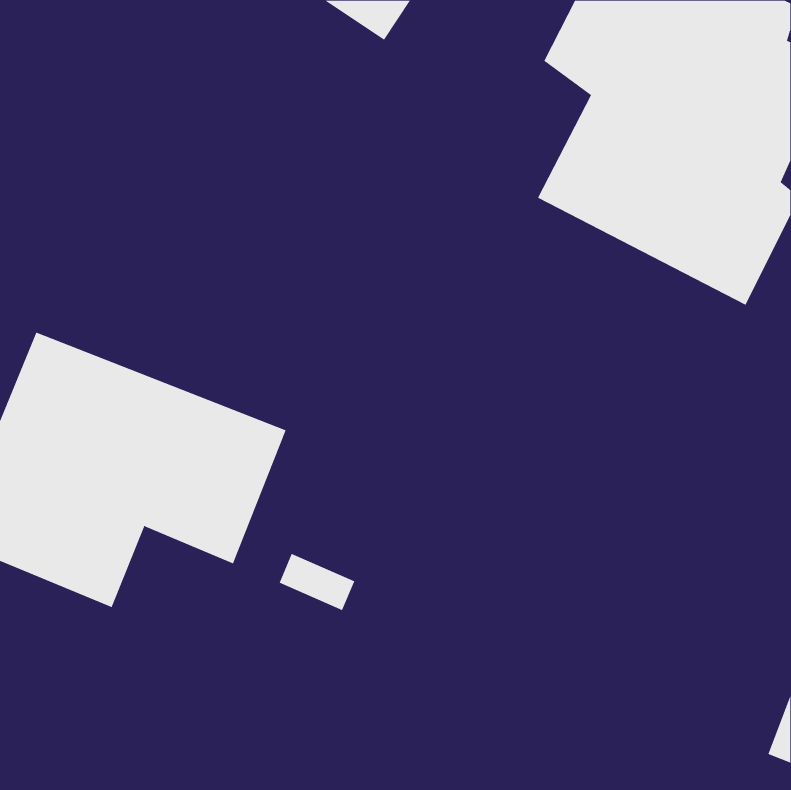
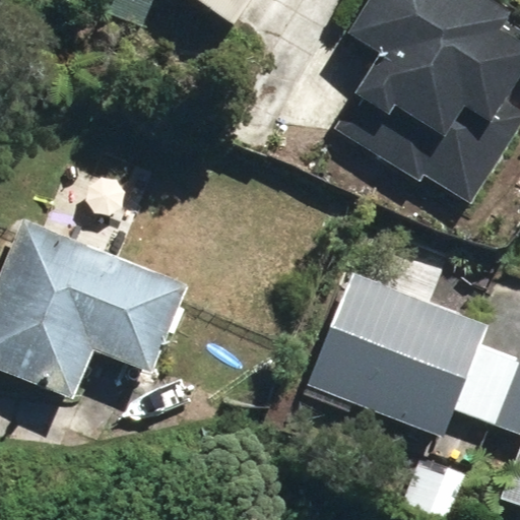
building: none -> [302,268,489,438]

